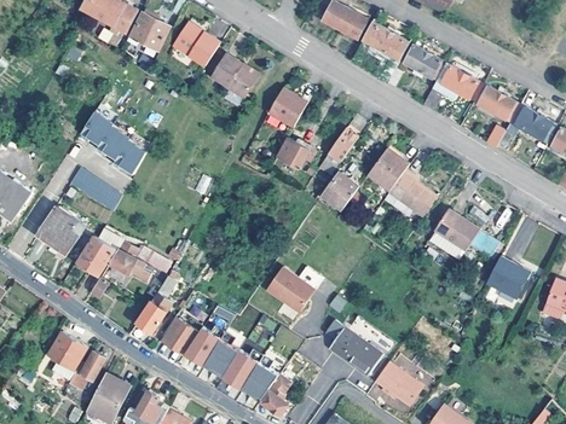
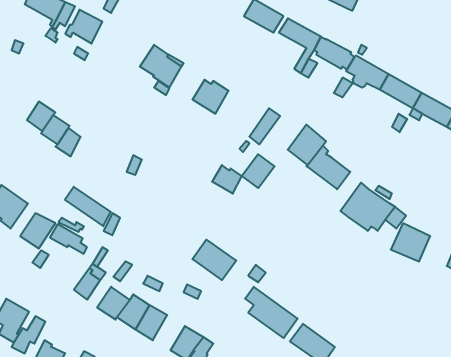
building: [173,21,220,65] -> none
building: [276,138,308,169] -> [212,165,242,194]
building: [70,169,121,213] -> [65,187,111,226]
building: [224,350,259,389] -> none

